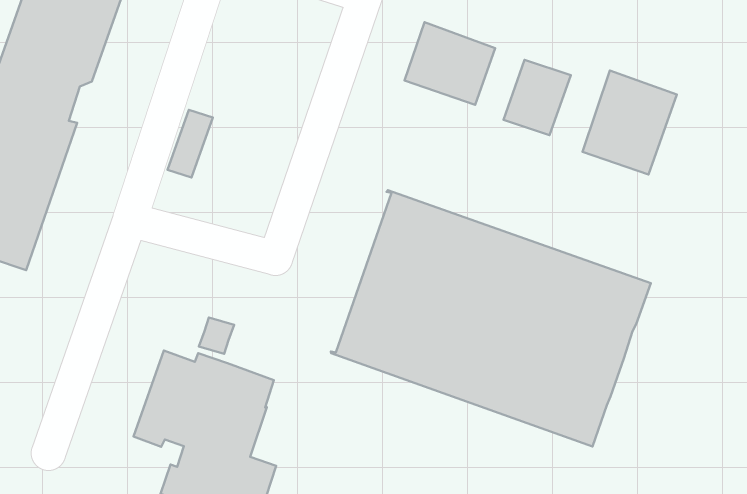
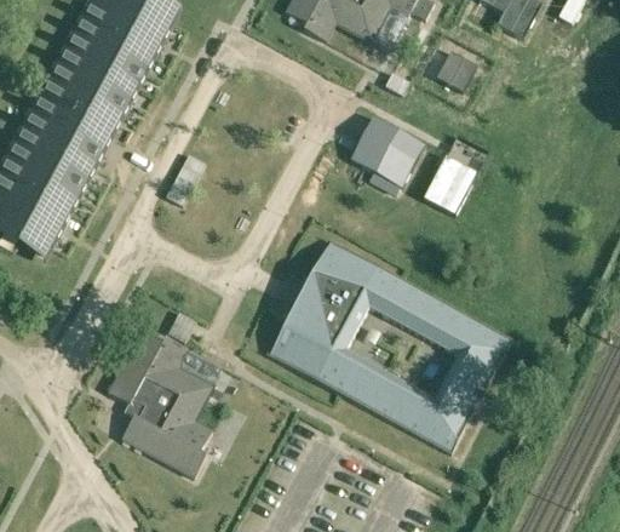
building: [583,70,677,175] -> none

